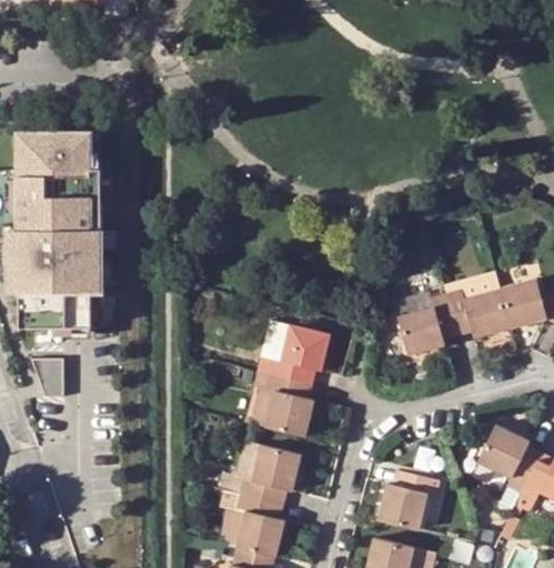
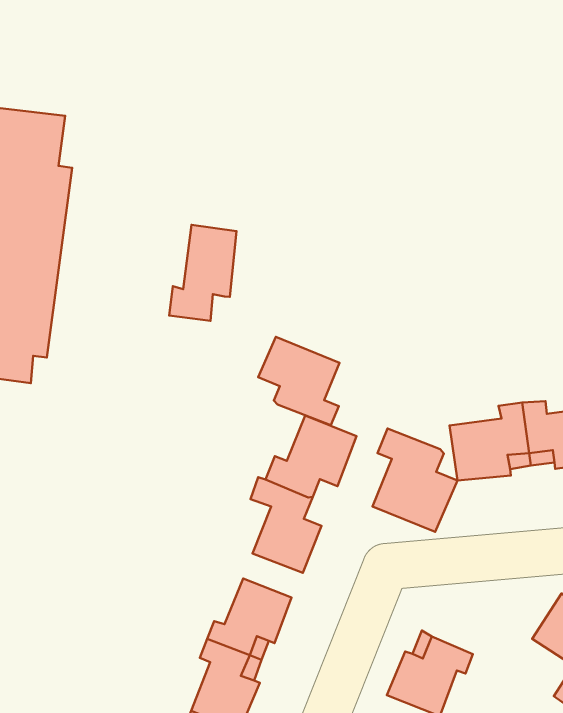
building: none -> [169,225,237,321]
building: none -> [258,337,339,425]
building: none -> [372,429,457,532]

